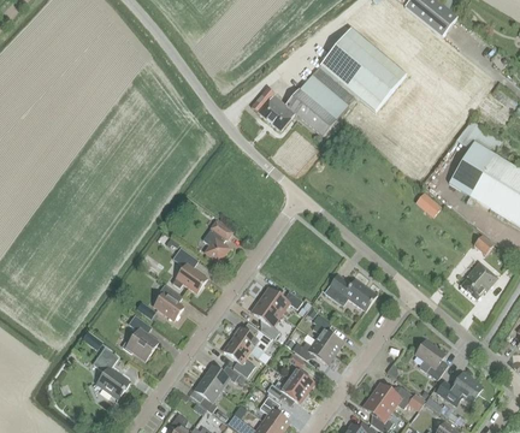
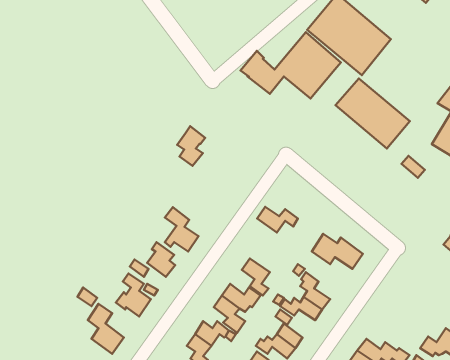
building: none -> [336,79,410,148]
building: [202,220,231,261] -> [177,126,205,166]
building: [260,287,302,314] -> [257,207,298,232]
building: [415,339,448,379] -> none

